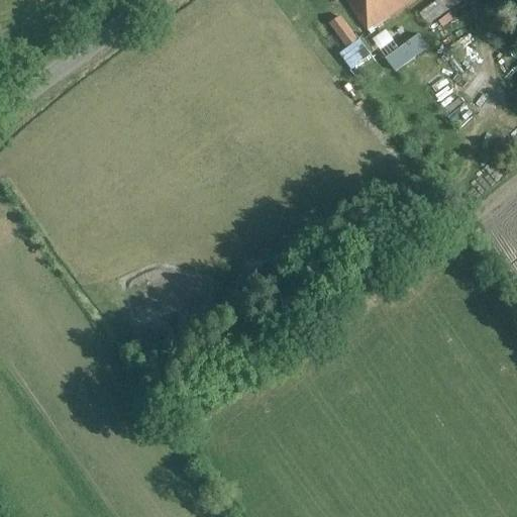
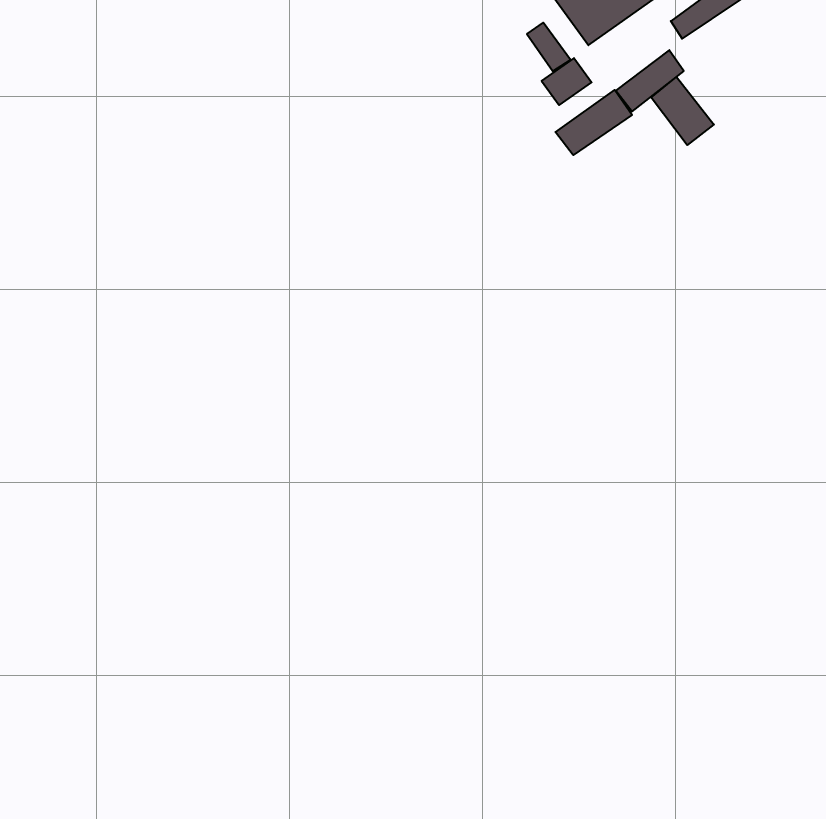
building: none -> [651,77,714,145]
building: none -> [555,90,632,155]

